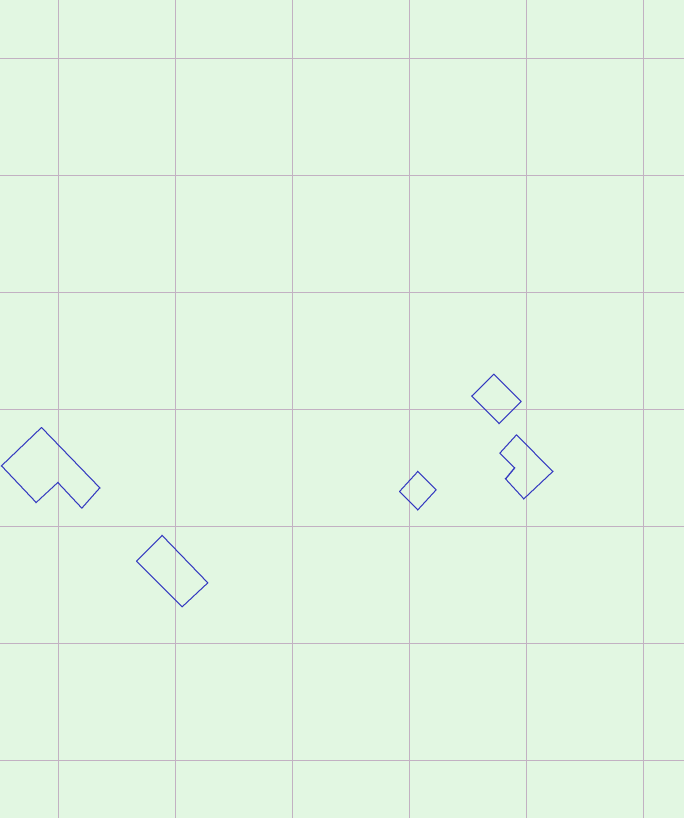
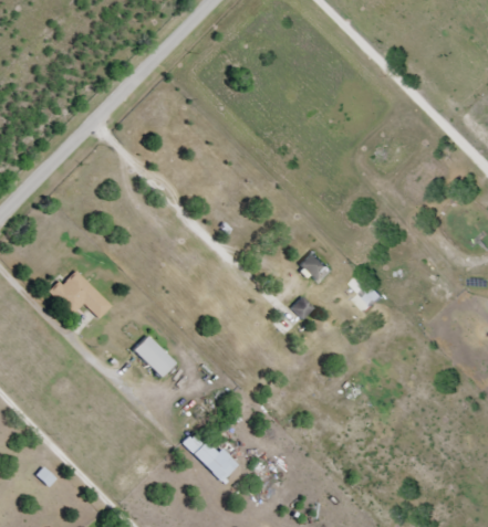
building: [472,374,521,424] -> [300,251,330,281]
building: none -> [183,429,239,482]

